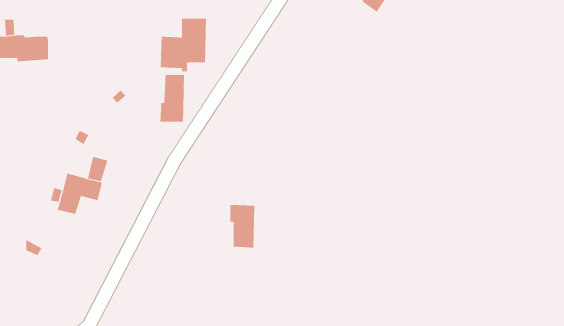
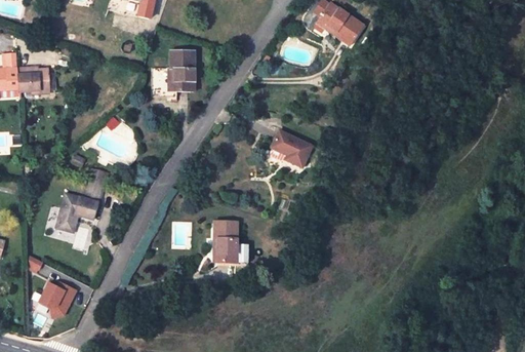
building: [160,74,185,122] -> none
building: none -> [271,130,311,166]
building: none -> [39,281,77,316]

